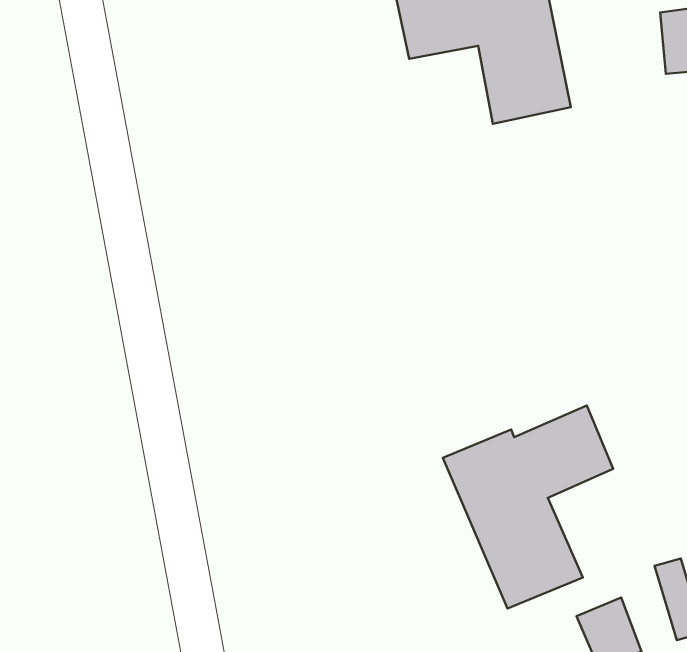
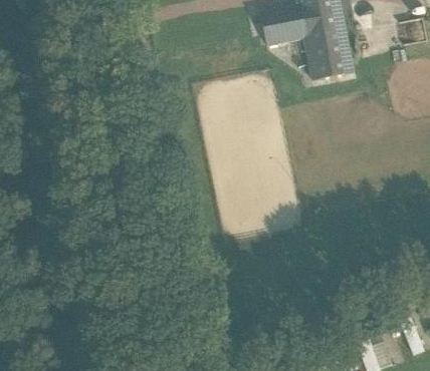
building: [443,405,613,609] -> none

